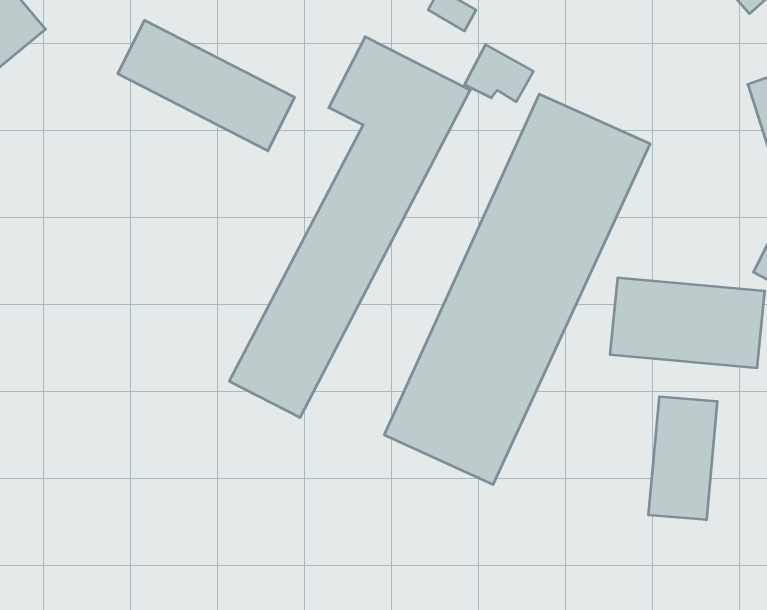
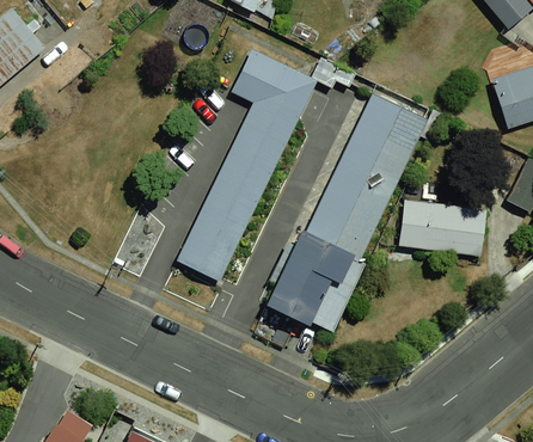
building: [118,20,294,151] -> none
building: [649,397,717,520] -> none

